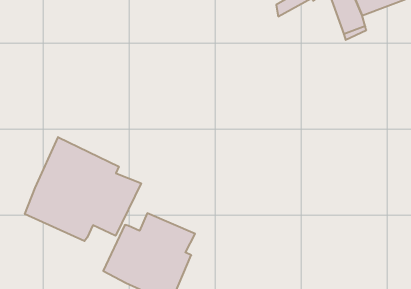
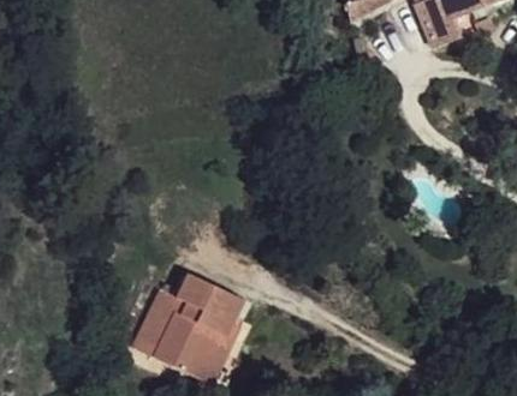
building: [25,137,141,241] -> none

